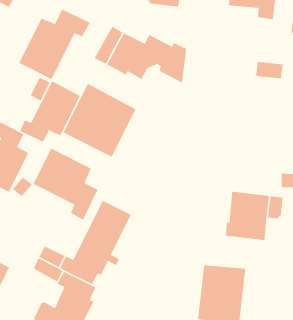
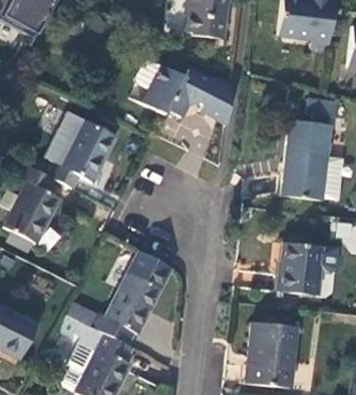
building: [18,8,91,80] -> none
building: none -> [281,118,332,200]
building: [63,83,137,158] -> none
building: [32,148,99,221] -> none

